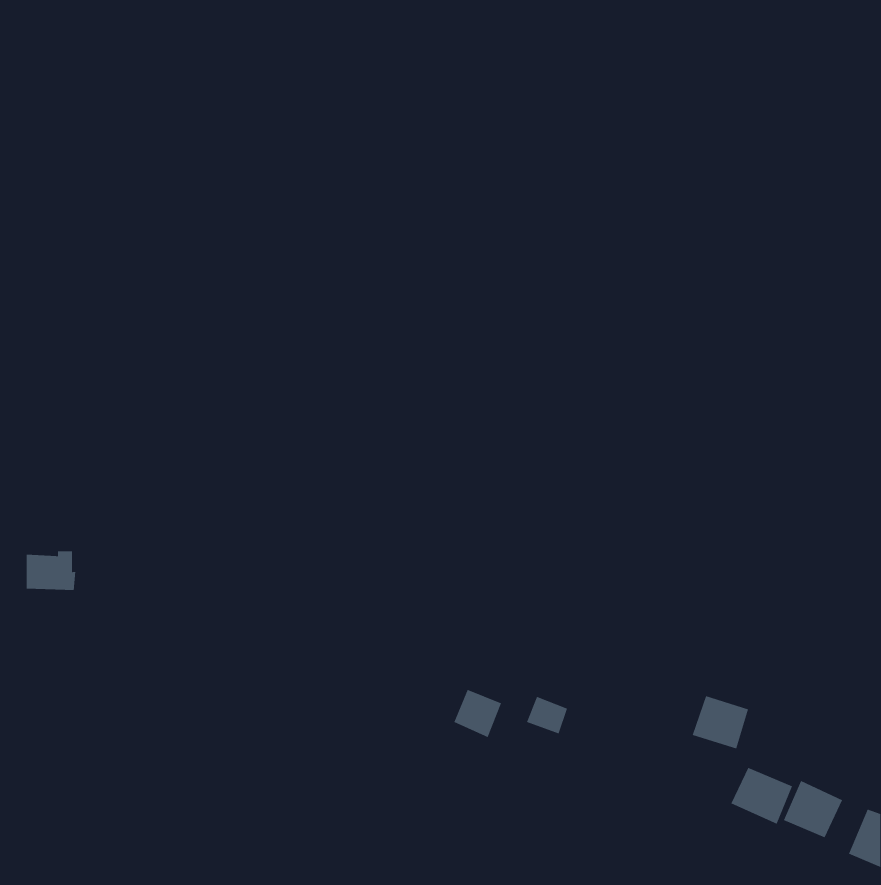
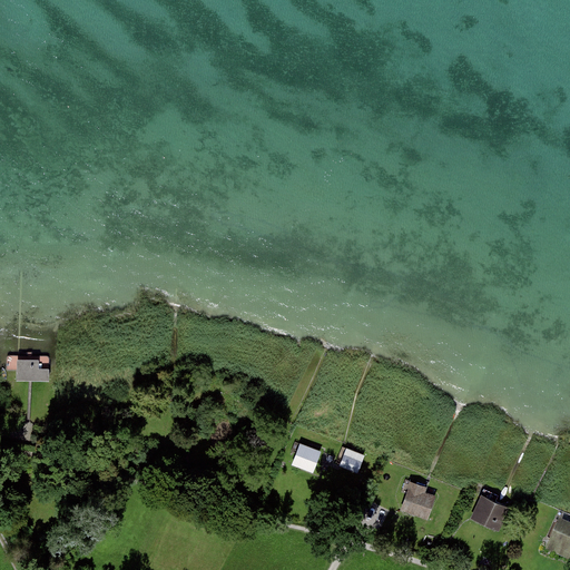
building: [692,695,749,749] -> [401,485,438,520]
building: [783,780,843,838] -> none

